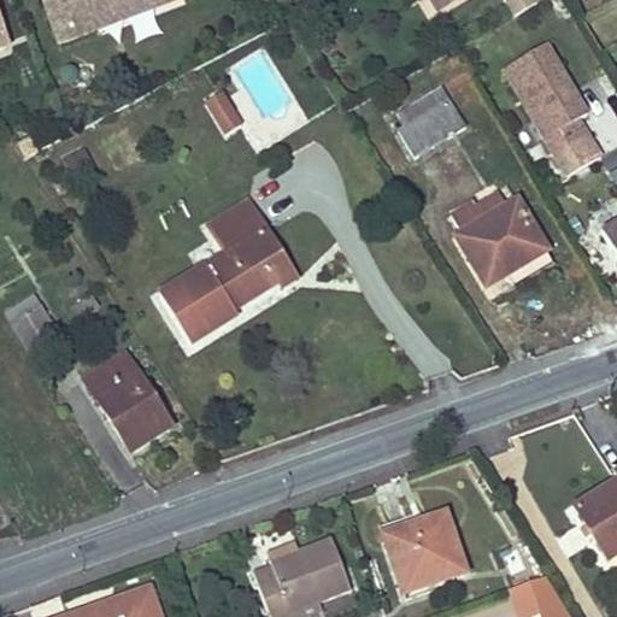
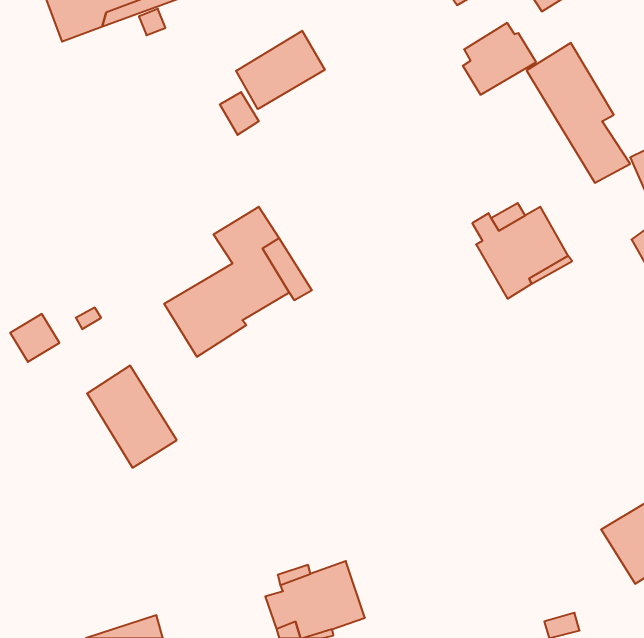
building: none -> [236,31,325,109]
building: [396,87,466,155] -> [463,23,536,95]
building: [384,512,465,590] -> none

